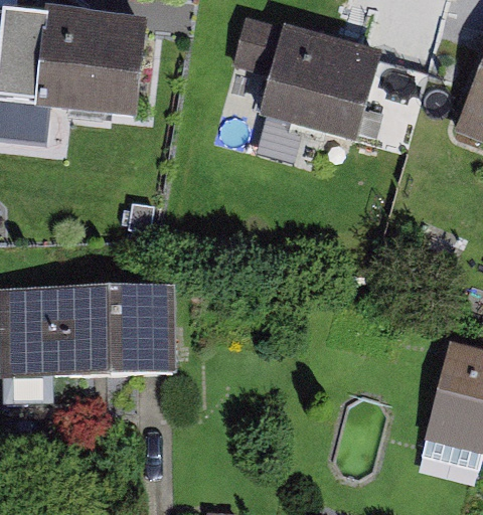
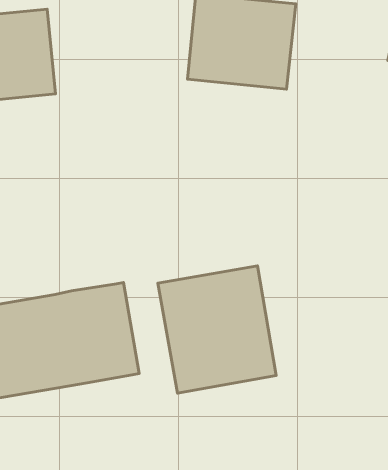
building: none -> [158,266,276,393]

